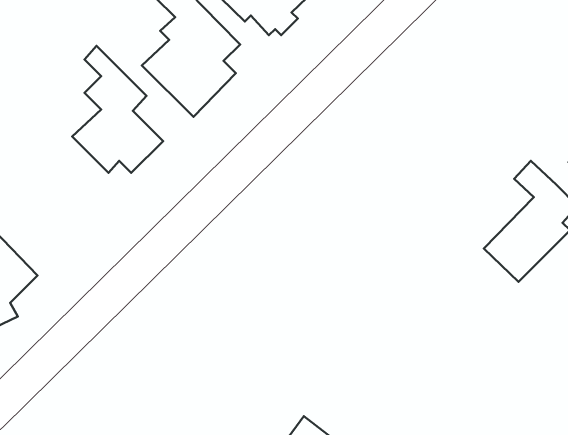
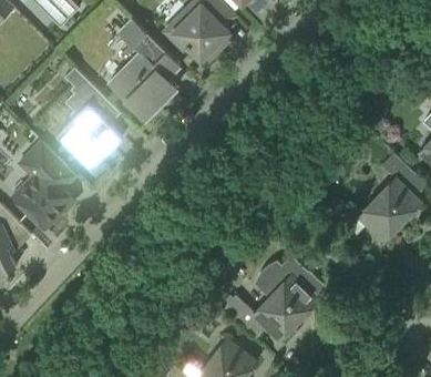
building: none -> [16,142,76,231]
building: none -> [224,256,326,339]

